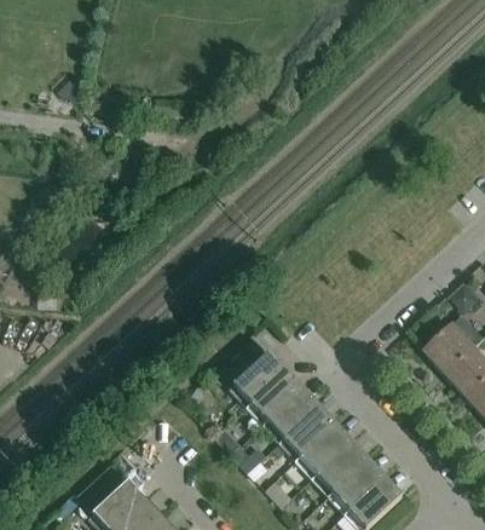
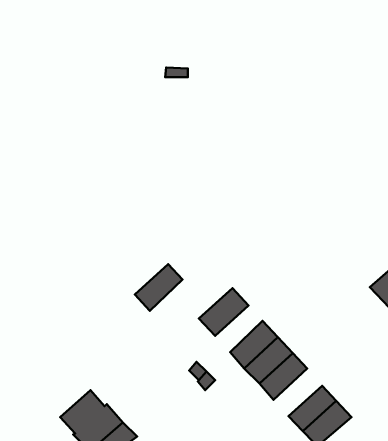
building: [249,370,302,422] -> [135,264,182,311]
building: [314,440,369,494] -> none

